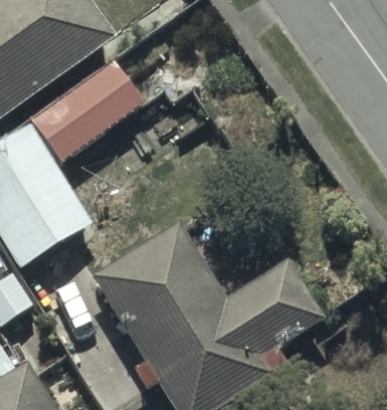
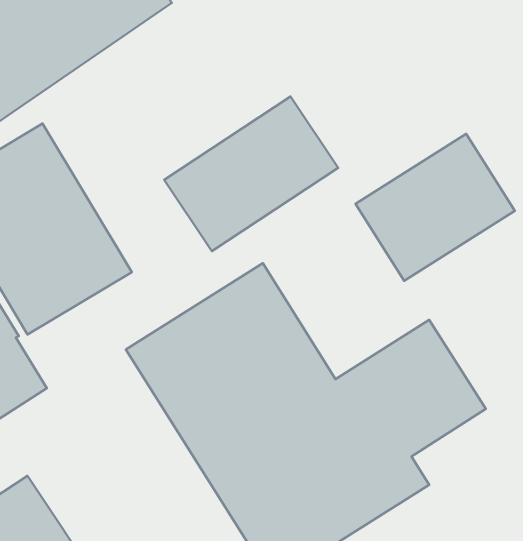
building: [26,58,144,163] -> [164,96,338,251]
building: none -> [356,134,515,281]

